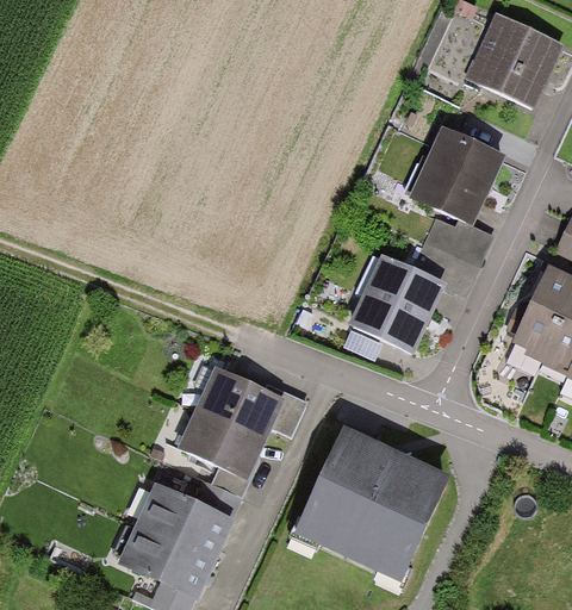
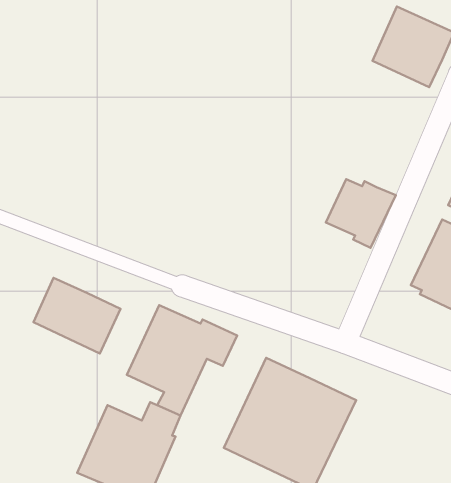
building: [409,126,504,225] -> none
building: [347,253,447,354] -> none
building: none -> [34,278,121,353]

